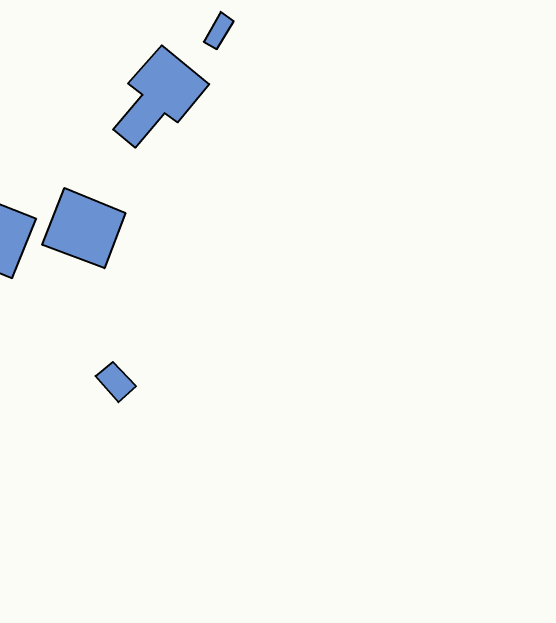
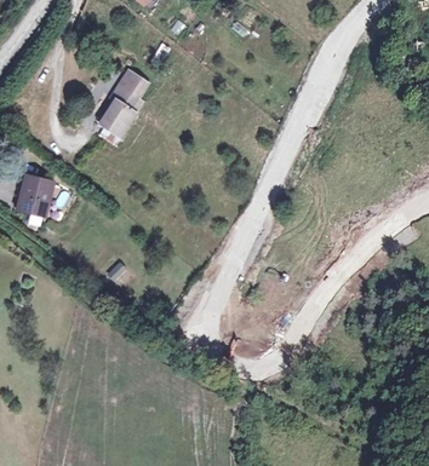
building: [42,188,125,268] -> none

